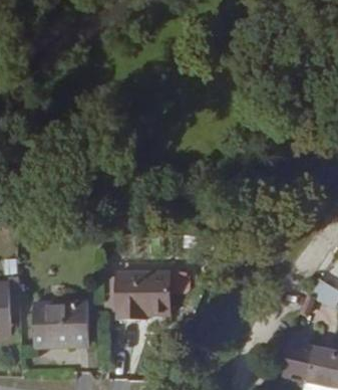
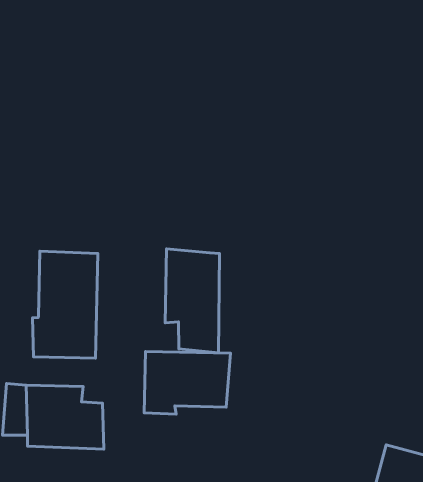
building: none -> [165,249,219,353]
building: none -> [33,251,98,358]

